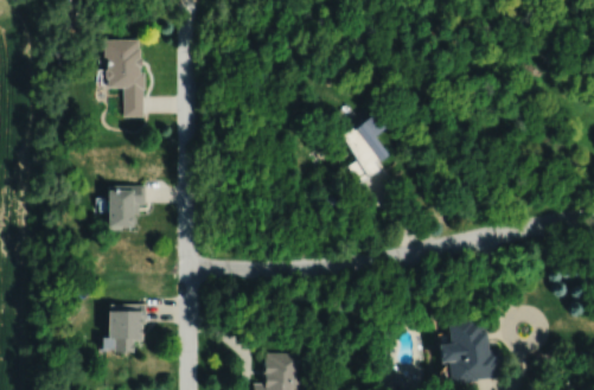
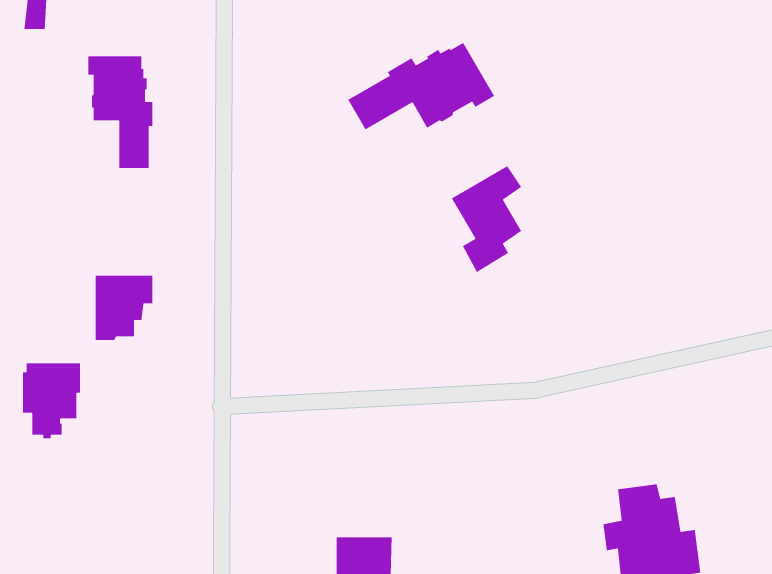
building: none -> [347,42,495,131]
building: [108,303,146,353] -> [22,362,81,439]

